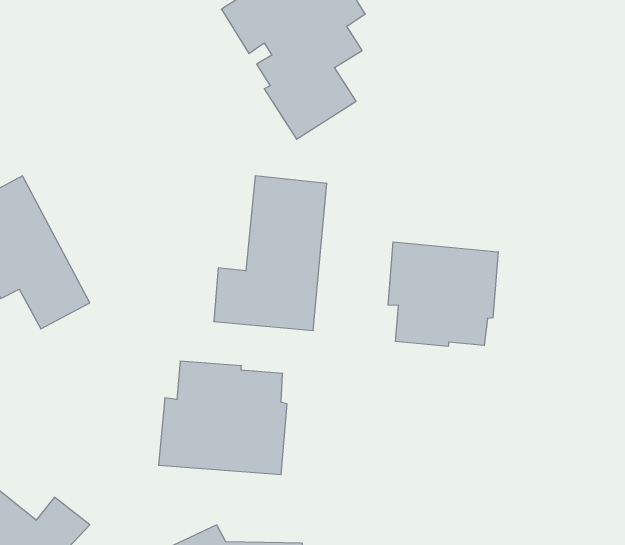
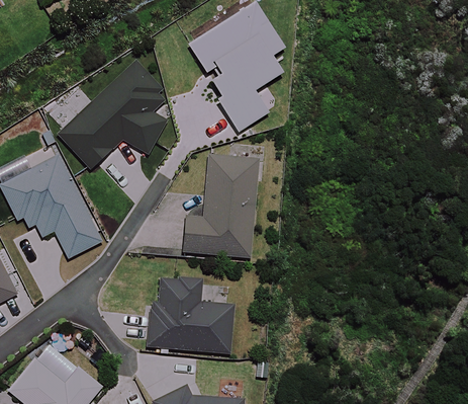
building: none -> [58,62,168,168]
building: [388,242,498,346] -> none

